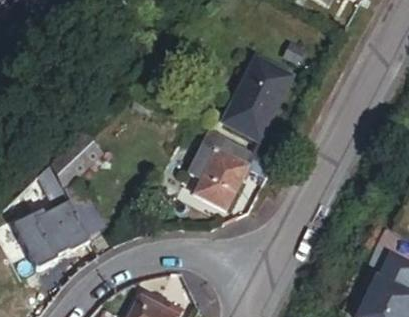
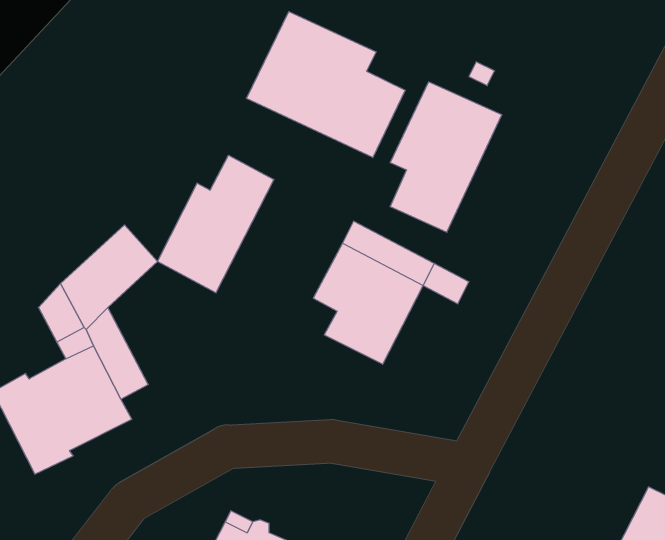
building: none -> [247,12,405,158]
building: none -> [157,155,274,293]

